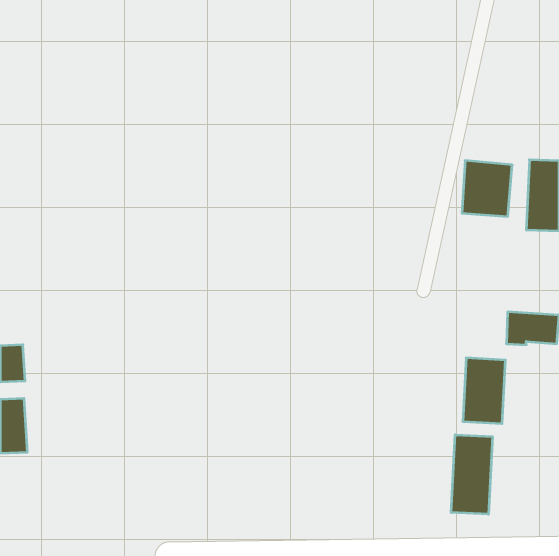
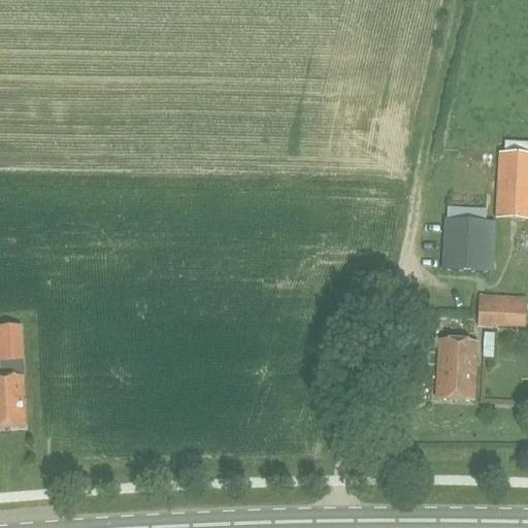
building: [462,161,512,216] -> [447,216,494,268]
building: [451,435,492,514] -> none

